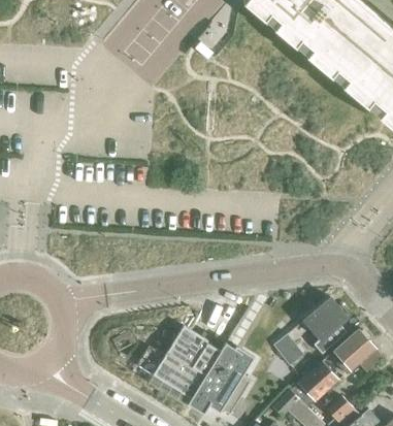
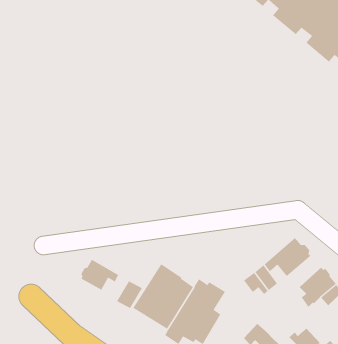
building: none -> [80,259,119,291]
building: [289,361,338,407] -> none

